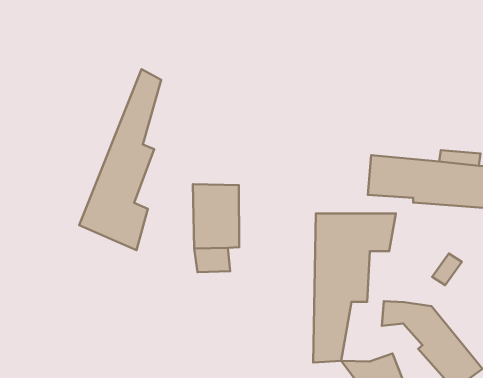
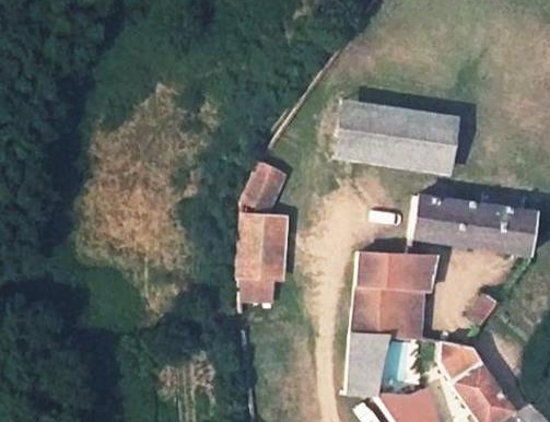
building: none -> [331,101,459,174]
building: [79,69,161,250] -> none
building: none -> [244,163,285,211]

